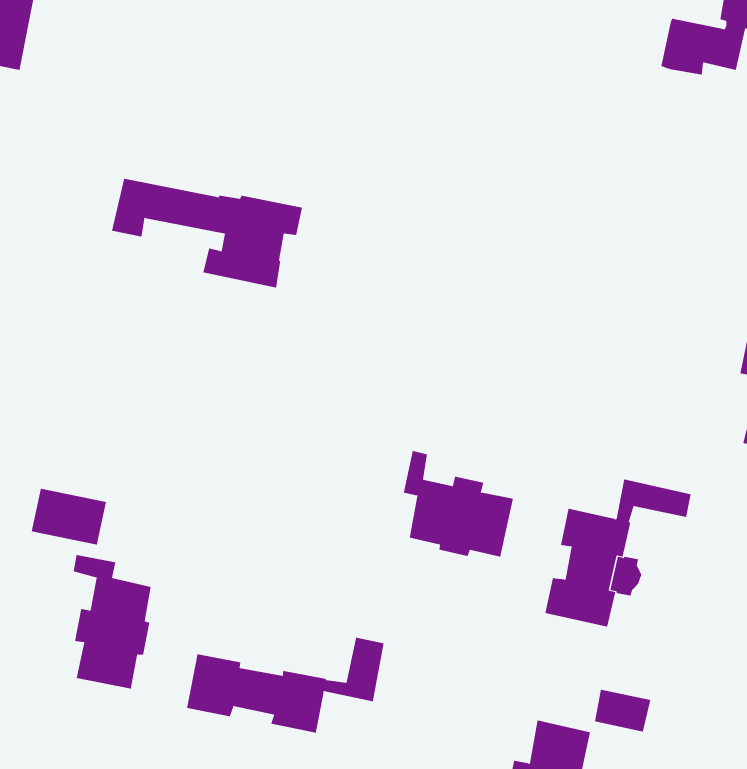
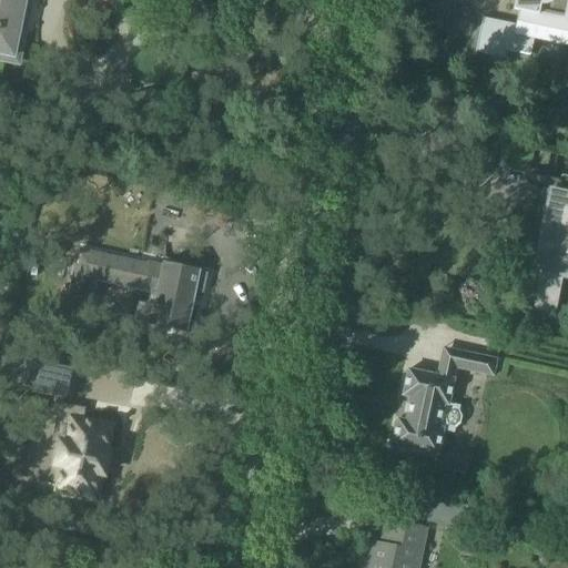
building: [111,178,303,288] -> [71,250,209,328]
building: [403,450,513,558] -> none
building: [186,637,384,733] -> none

